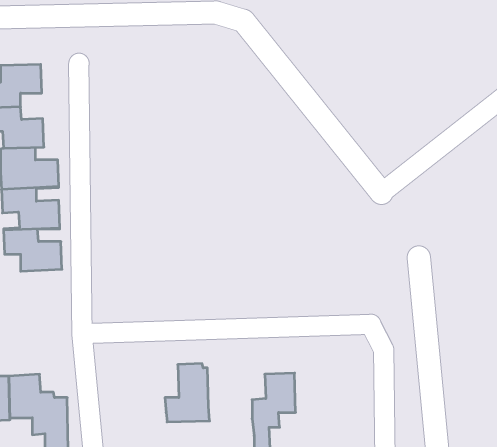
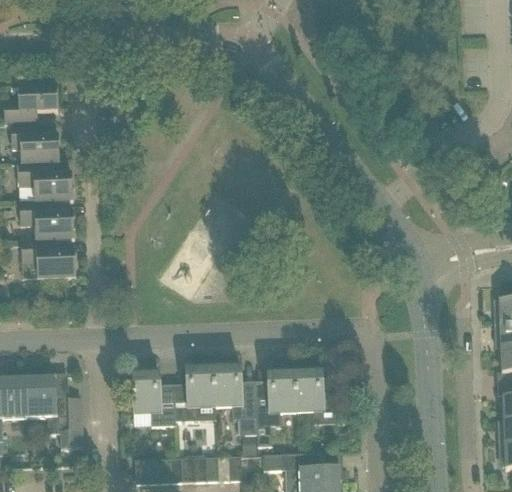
building: none -> [213,364,257,434]
building: none -> [295,373,338,423]
building: none -> [132,375,175,425]

